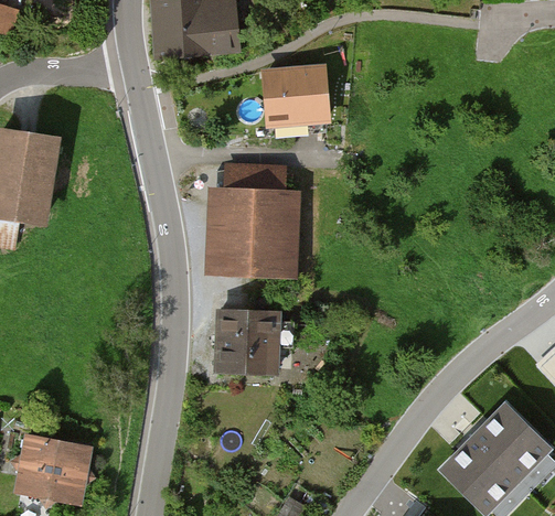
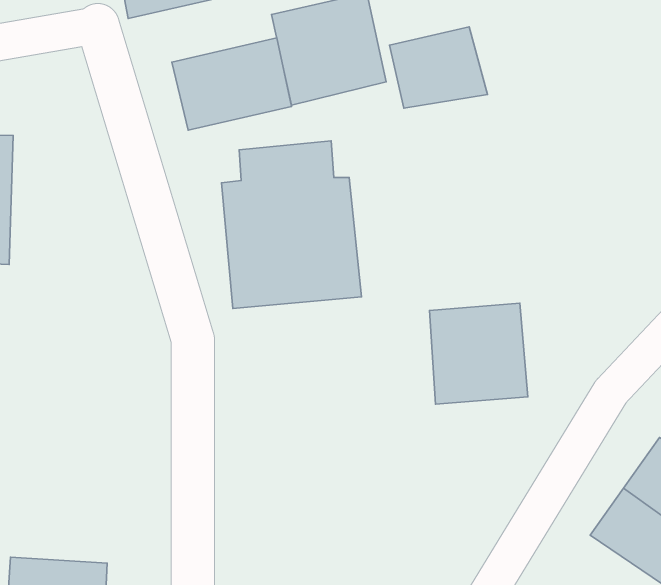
building: none -> [172,38,291,130]
building: none -> [390,27,488,108]
building: [213,308,281,377] -> [429,303,528,404]

